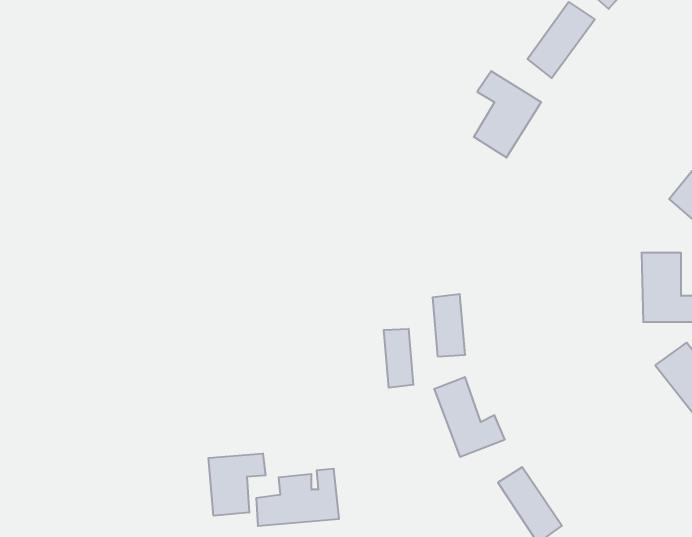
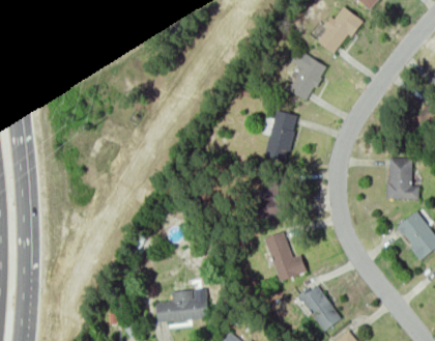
building: none -> [263,114,294,161]
building: [384,329,413,388] -> none
building: [209,453,265,516] -> none

